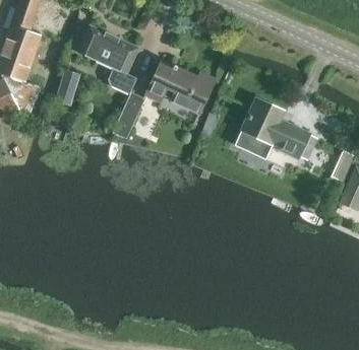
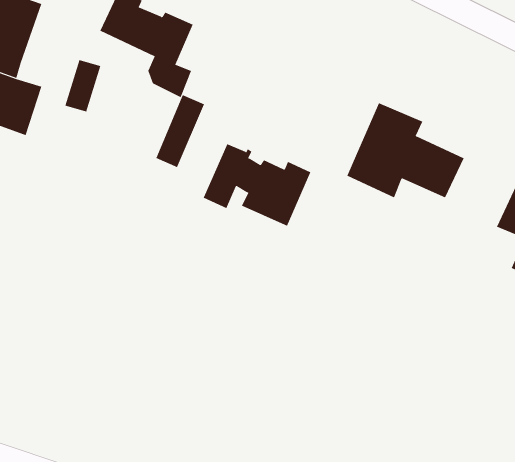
building: [146,60,216,113] -> [203,144,311,226]

